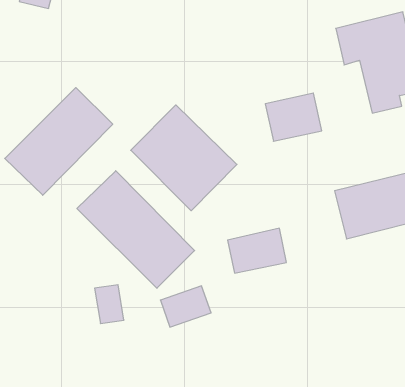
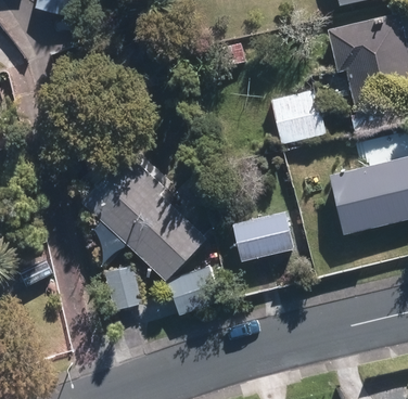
building: [5,88,113,195] -> none
building: [131,105,237,211] -> none

